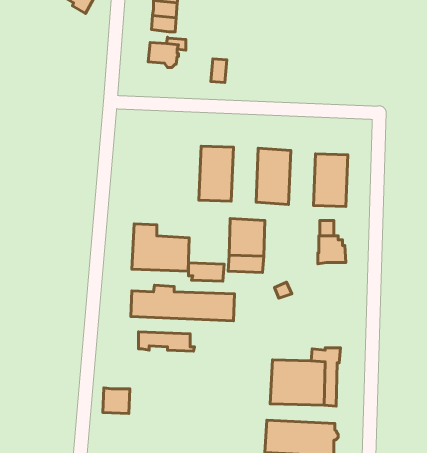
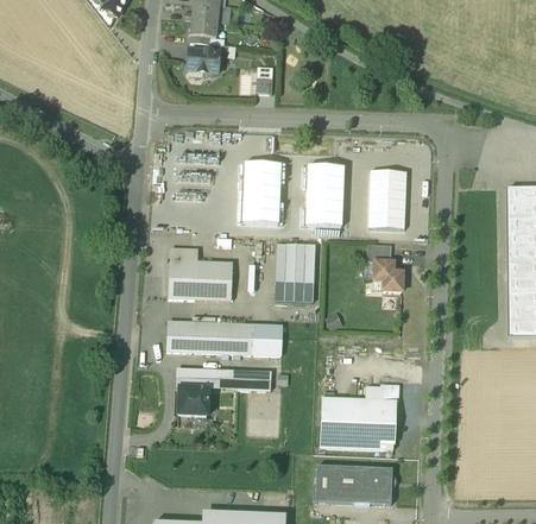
building: [188,263,224,281] -> [233,368,272,389]
building: [103,388,130,414] -> [178,385,208,413]

